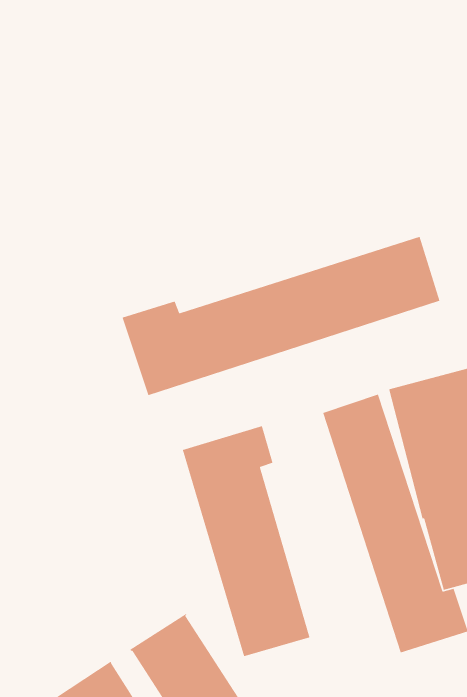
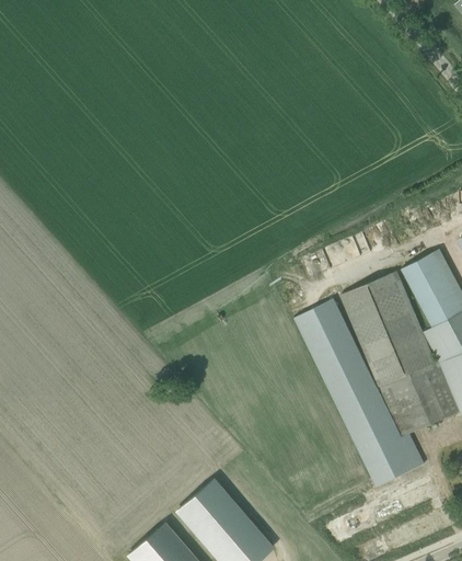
building: [121,236,441,396] -> none
building: [182,425,310,657] -> none

